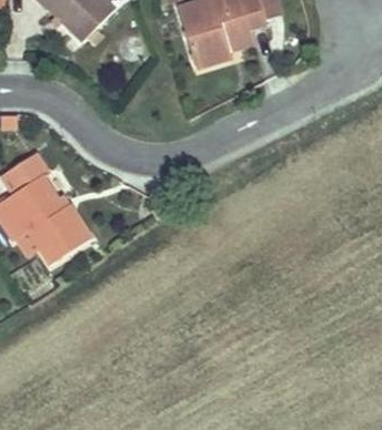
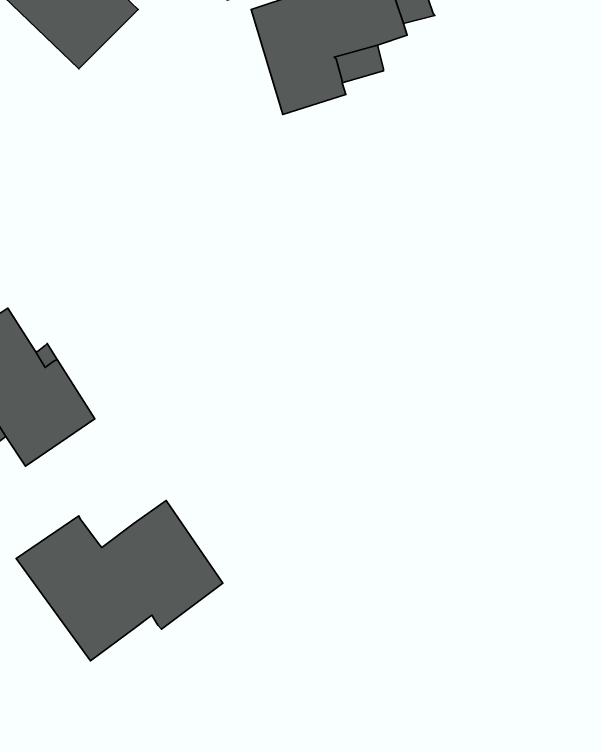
building: none -> [16,501,223,661]

